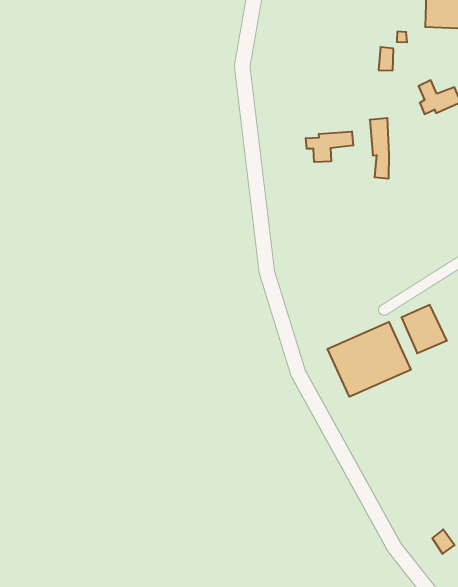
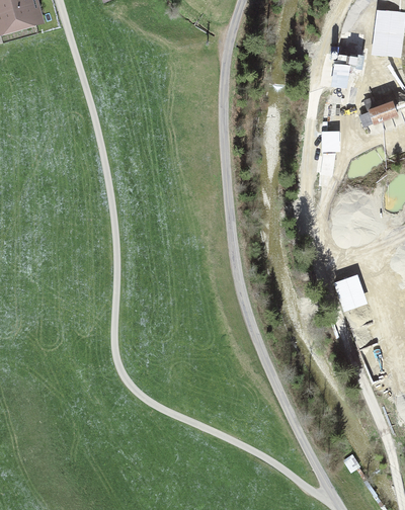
building: [306,131,353,162] -> none
building: [328,322,411,397] -> none

